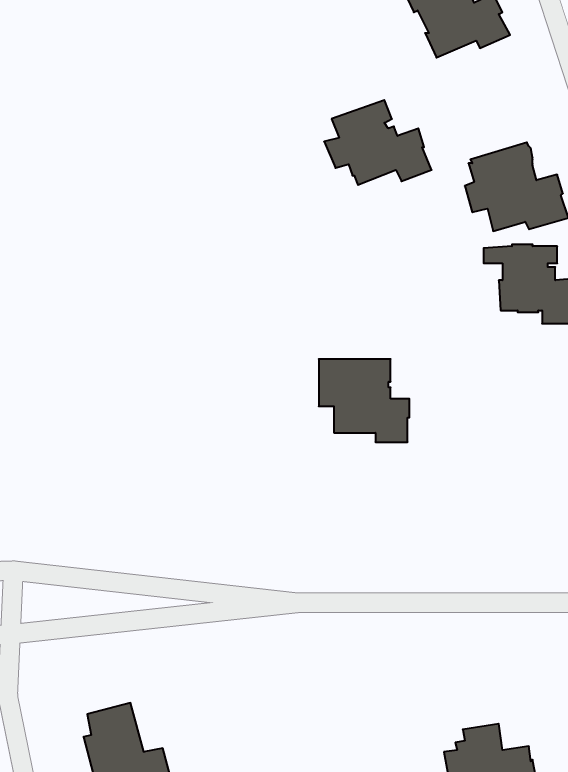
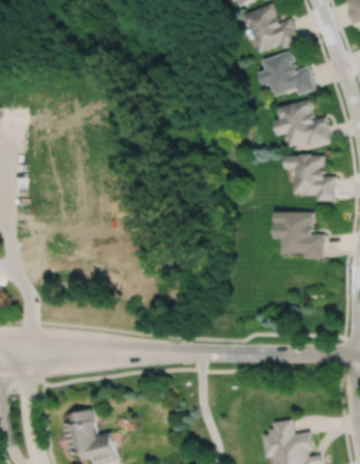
building: [324,100,432,185] -> [258,52,317,98]
building: [319,359,409,442] -> [274,211,324,257]

